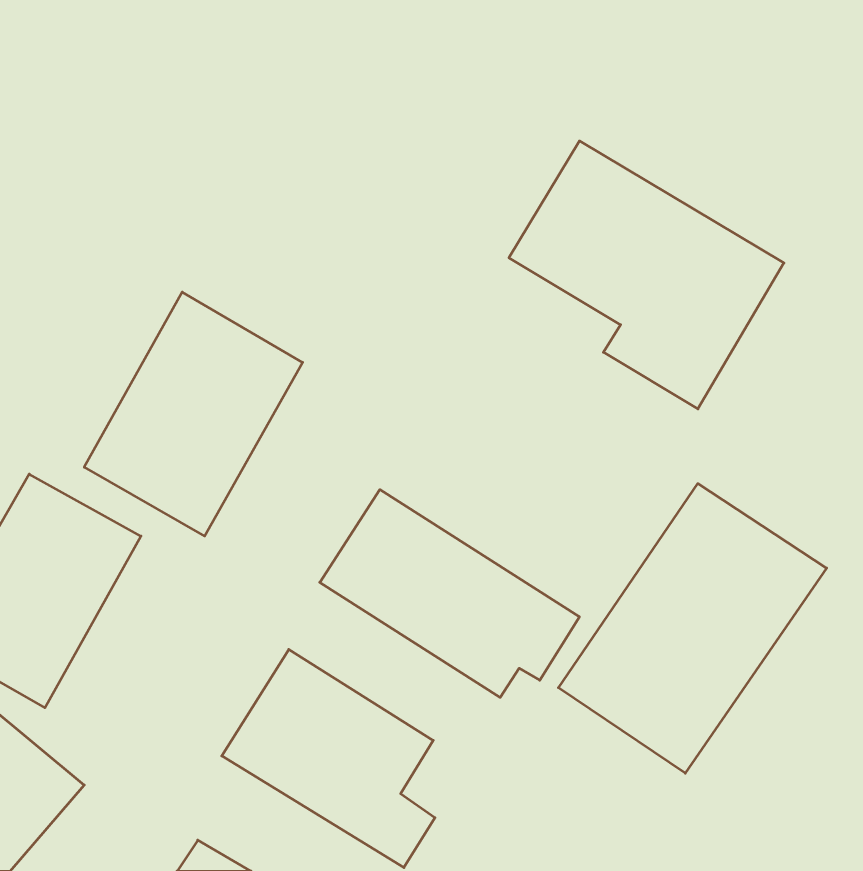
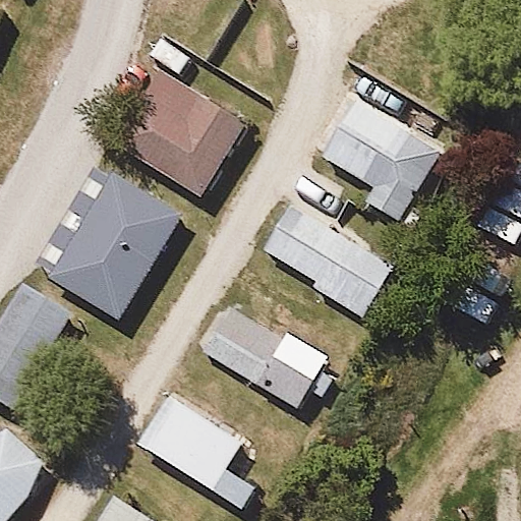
building: none -> [111,62,249,199]
building: none -> [256,199,395,328]
building: [558,484,827,773] -> none

